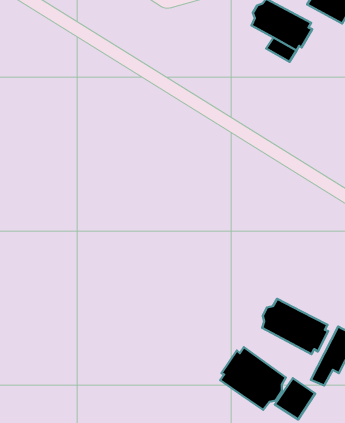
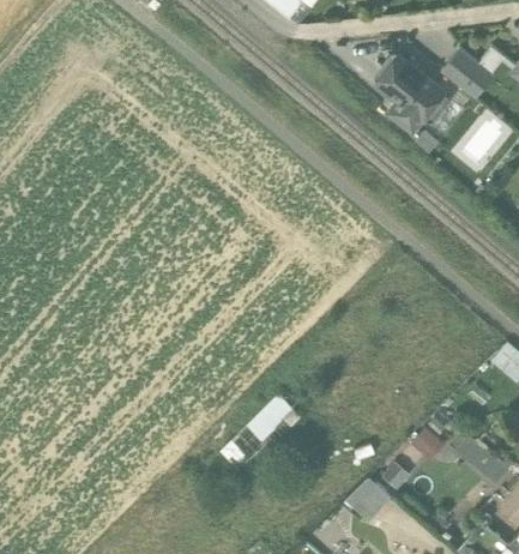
building: [262,299,328,354] -> none
building: [220,347,286,410] -> none

